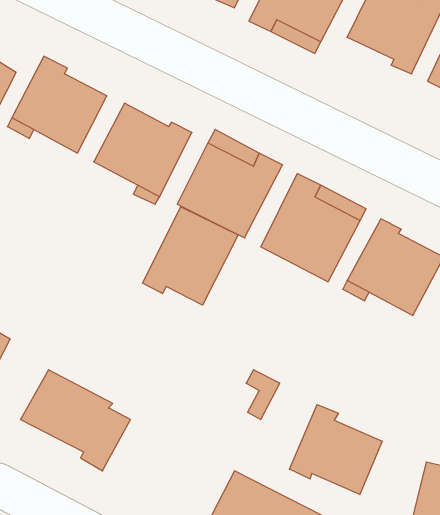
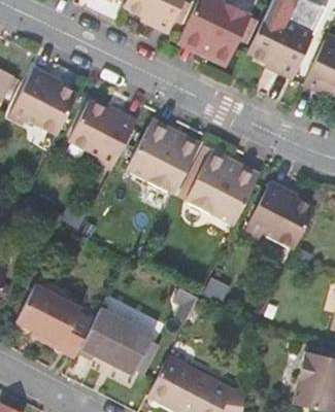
building: [143,207,238,305] -> none
building: none -> [76,309,152,375]
building: [289,405,382,495] -> none

